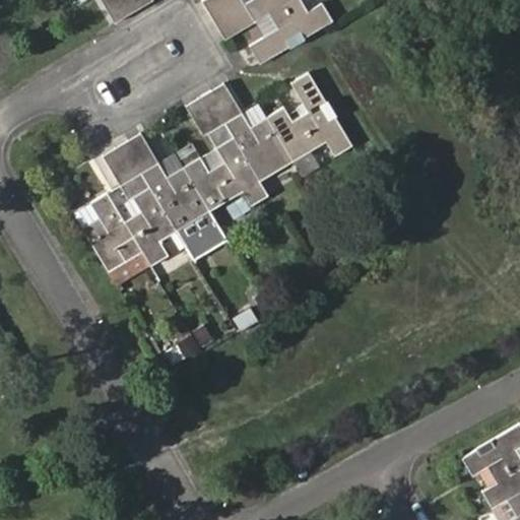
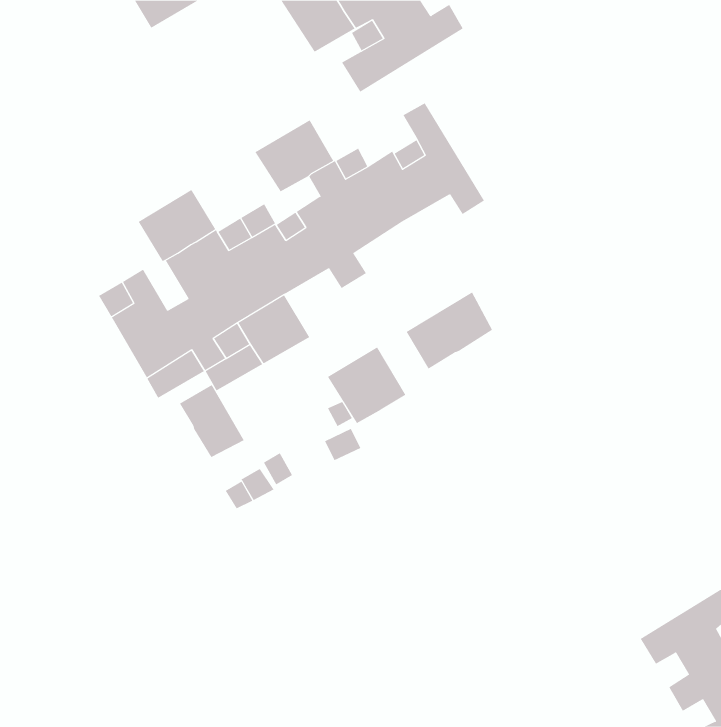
building: none -> [406,291,493,369]
building: none -> [327,346,406,424]
building: none -> [179,384,245,458]

